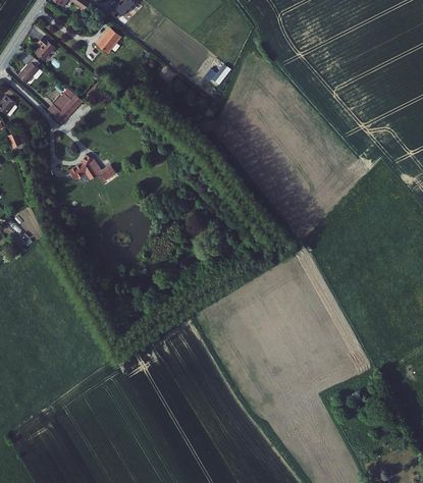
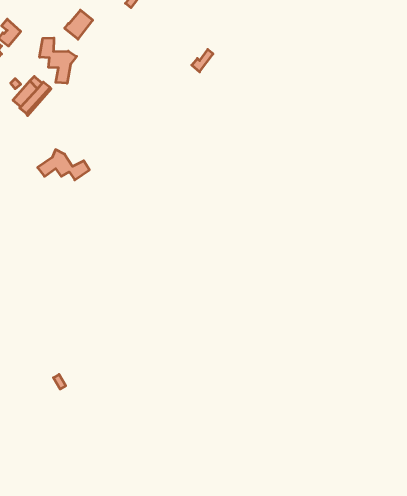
building: none -> [40,38,77,83]

